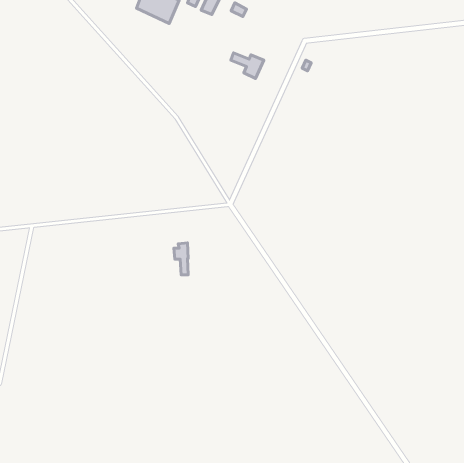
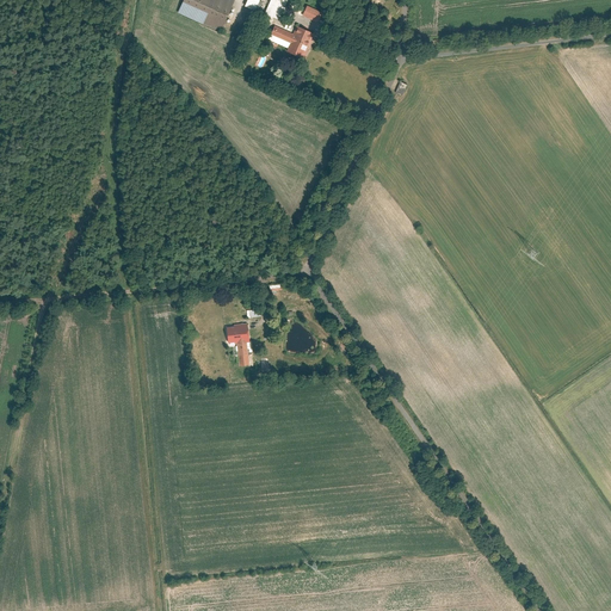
building: [231,53,264,78] -> [271,24,314,57]

